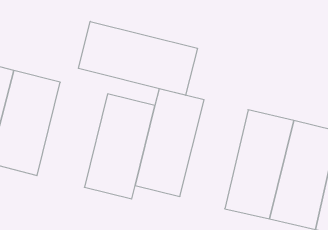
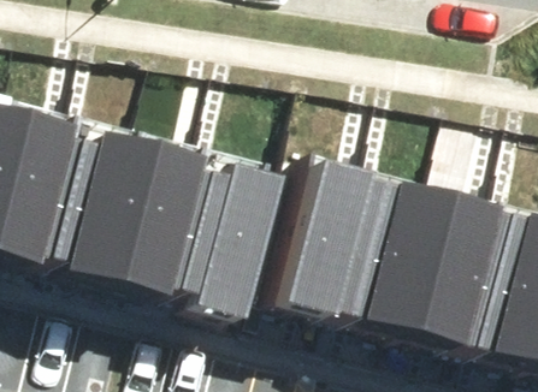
building: [78,21,197,95] -> none
building: none -> [106,142,208,293]
building: none -> [313,167,412,325]

